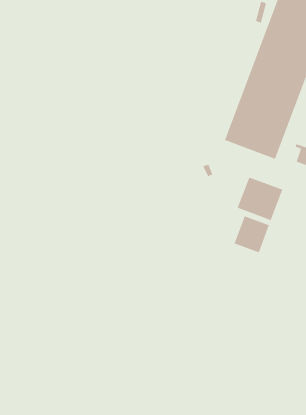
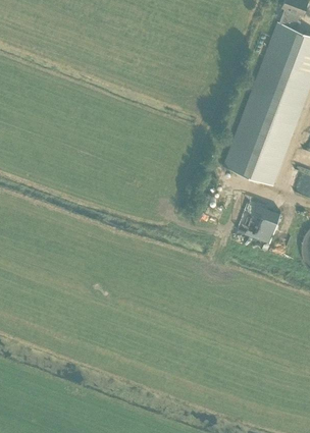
building: [234,216,270,253] -> none

